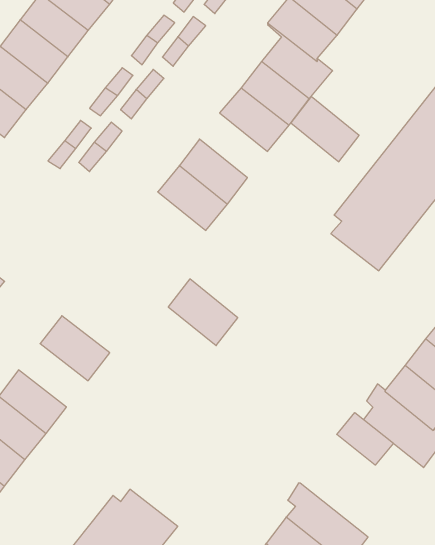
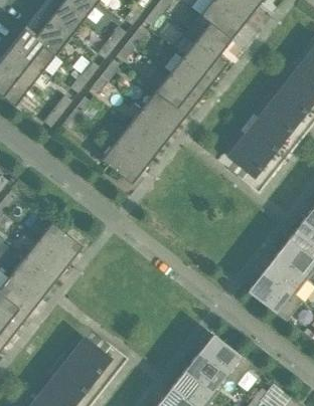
building: [291,97,359,162] -> [141,89,185,132]
building: [168,279,238,346] -> [100,141,145,184]
building: none -> [23,239,68,280]
building: [337,413,393,465] -> none

